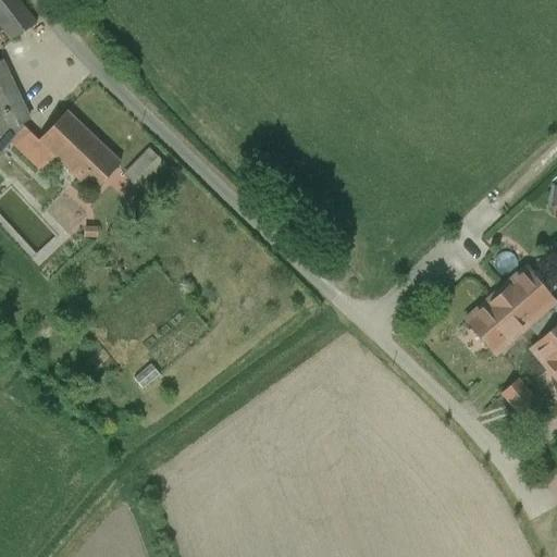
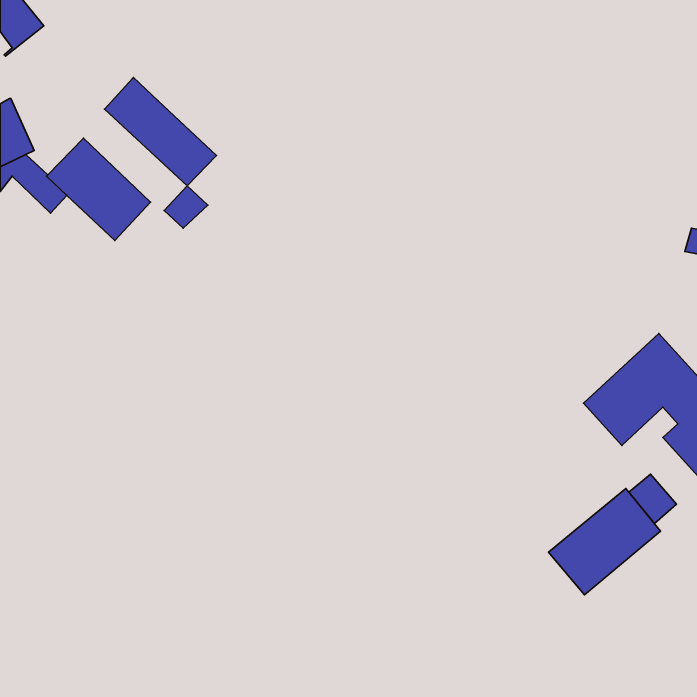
building: none -> [105,77,216,186]
building: none -> [548,488,660,595]

